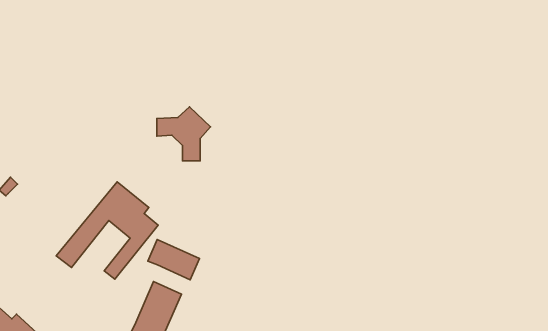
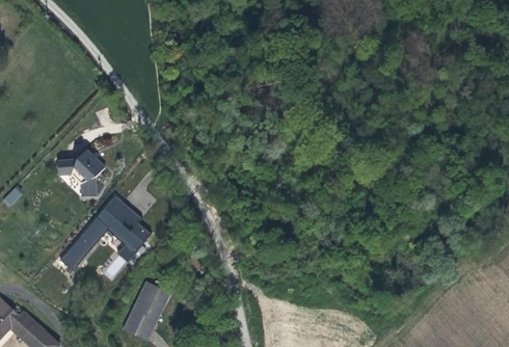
building: [157,107,211,161] -> [61,153,109,201]
building: [148,240,199,280] -> none

